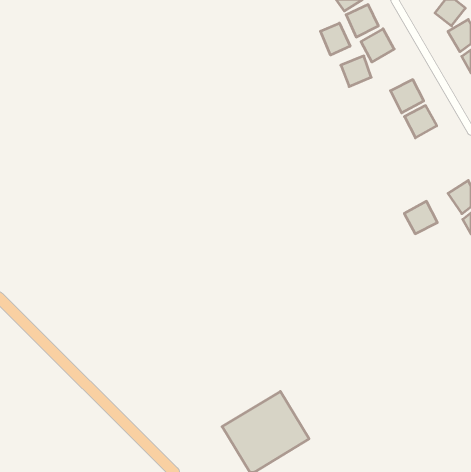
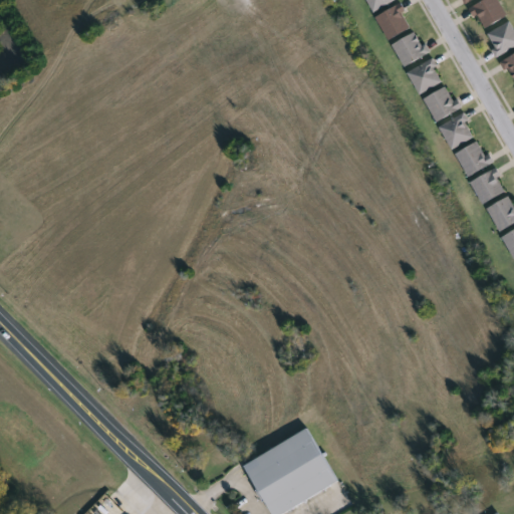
building: [320,23,350,55] -> none
building: [341,56,371,87] -> [408,60,441,93]
building: none -> [456,143,490,177]
building: [404,201,437,234] -> [470,169,506,204]

